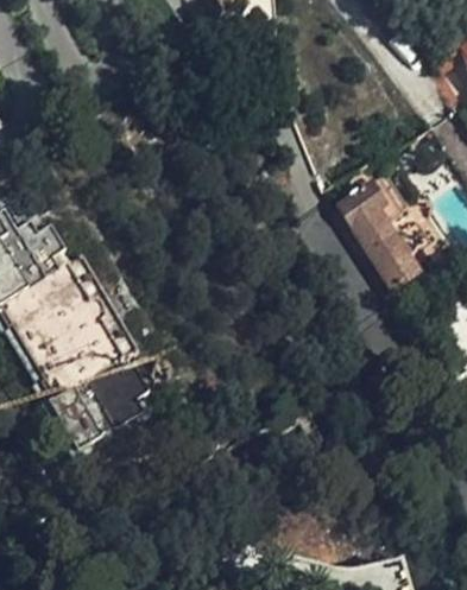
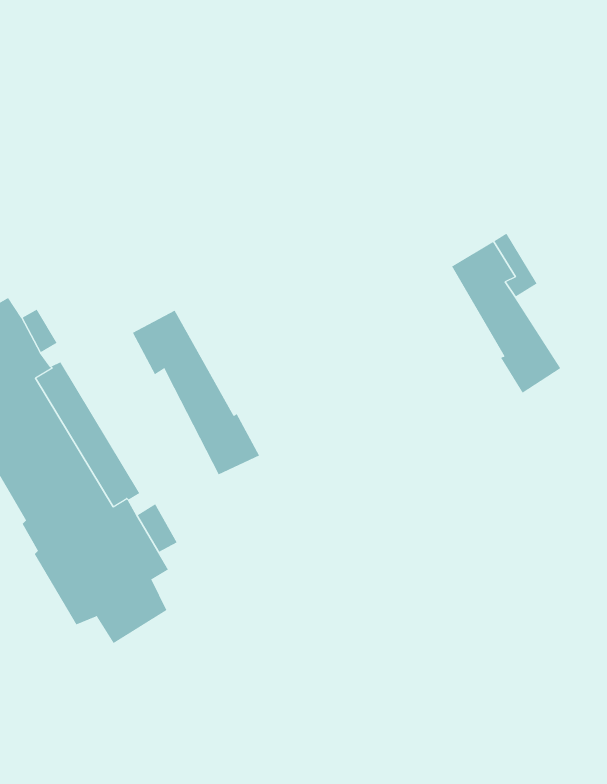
building: none -> [132,310,260,475]

